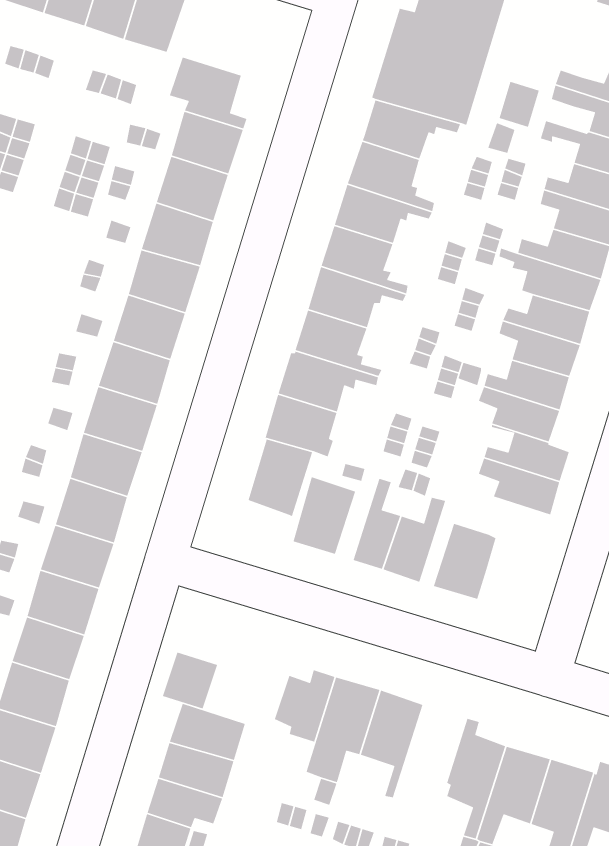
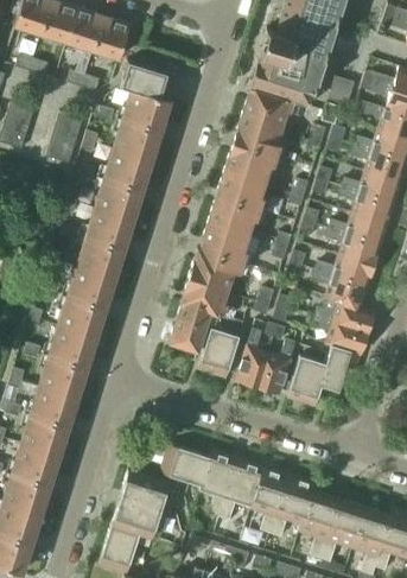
building: none -> [322,341,362,395]
building: [162,651,218,709] -> [160,445,196,482]
building: none -> [262,472,309,538]

